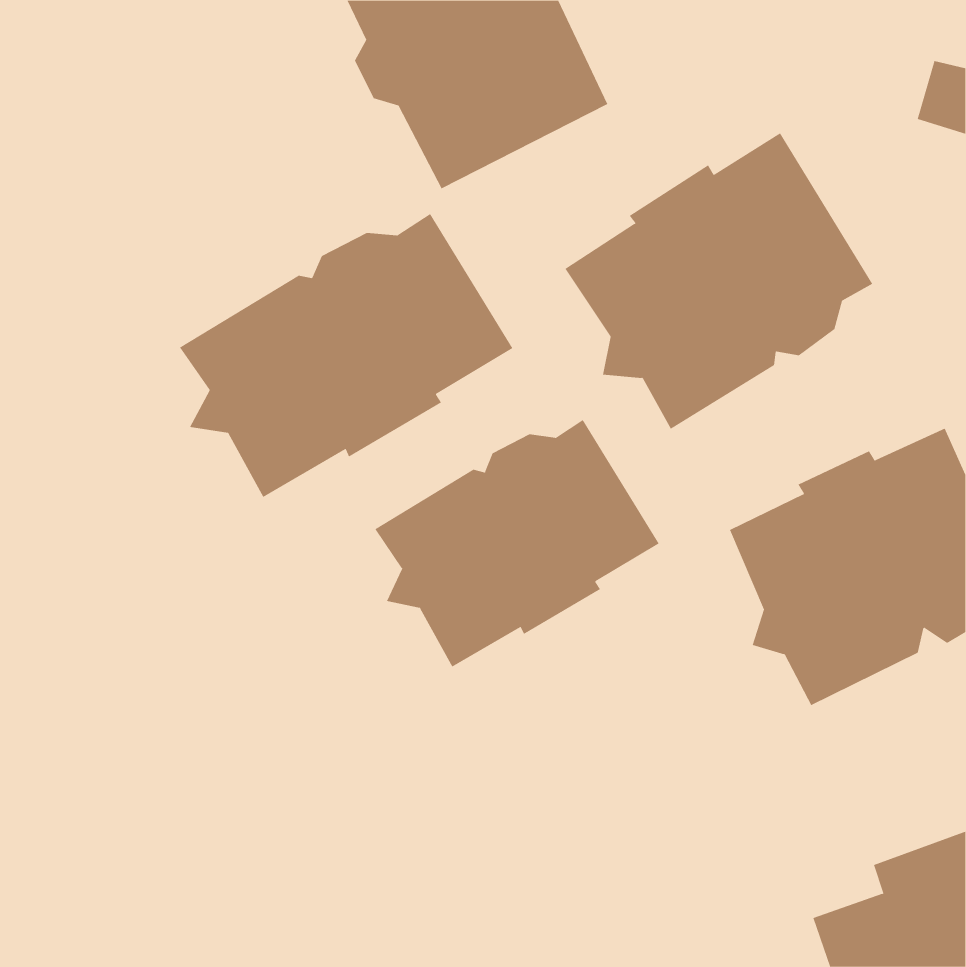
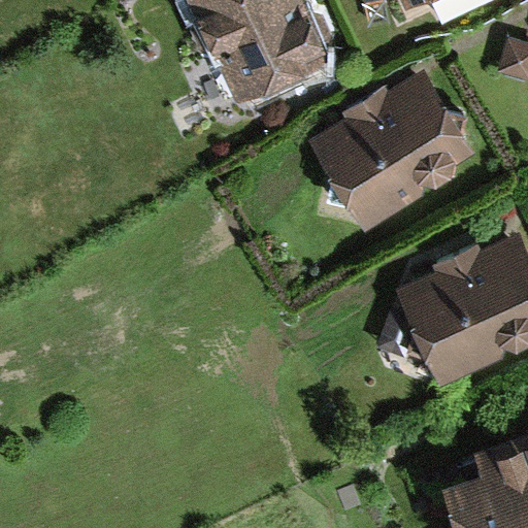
building: [179,213,513,498] -> none
building: [374,419,659,667] -> none

